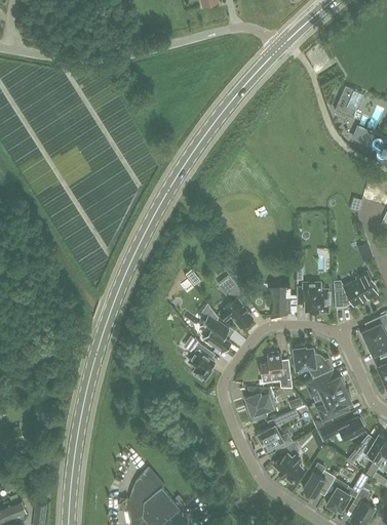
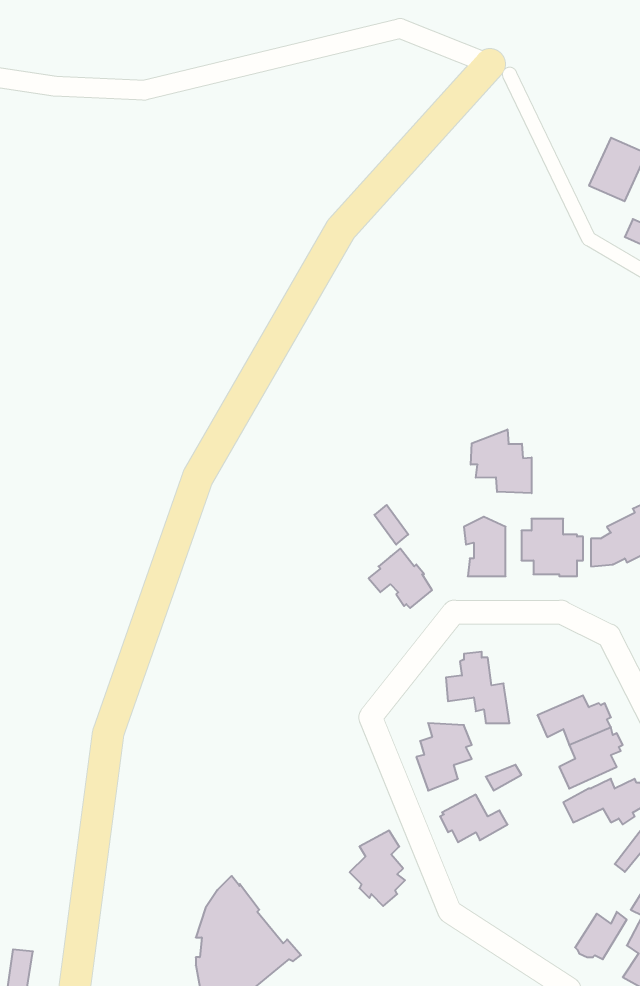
building: none -> [471,429,532,493]
building: [199,310,229,352] -> none
building: [188,337,214,380] -> none
building: [292,346,328,376] -> none
building: [273,441,302,480] -> [350,831,405,906]
building: [303,470,335,496] -> none

